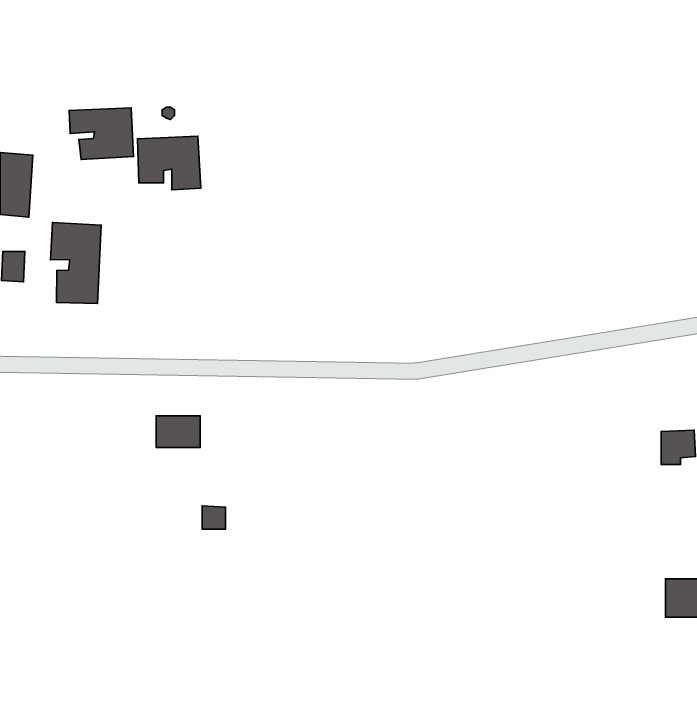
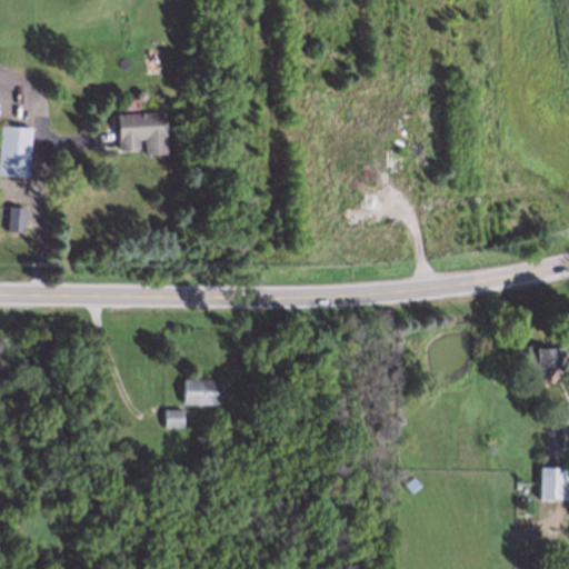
building: [69,108,134,159] -> none
building: [51,223,101,303] -> none
building: [156,416,200,447] -> [186,380,221,406]

